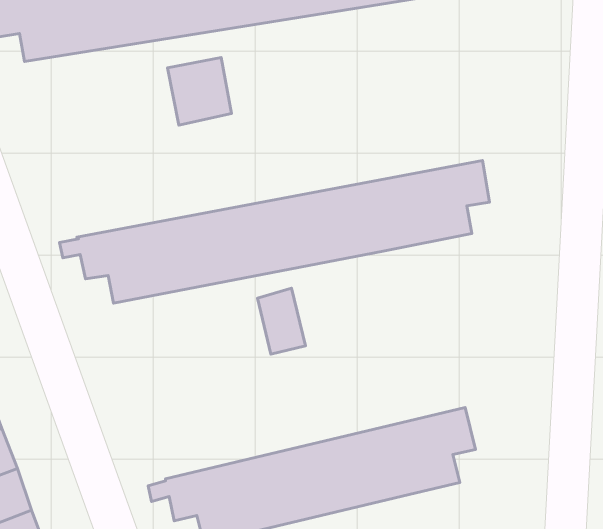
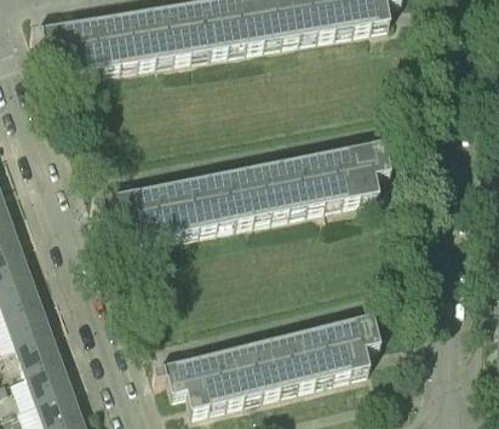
building: [167,58,232,125] -> none
building: [257,288,306,354] -> none

